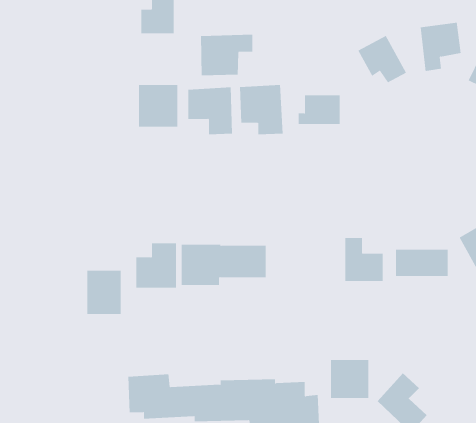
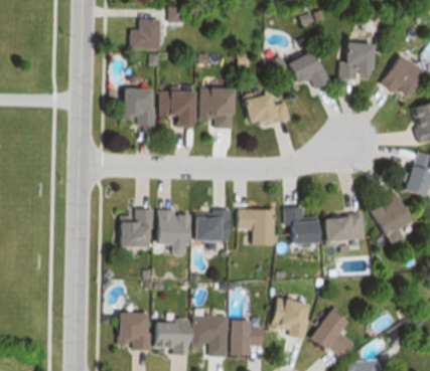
building: [200,34,253,76] -> none
building: none -> [237,208,270,243]
building: [87,270,121,315] -> none

